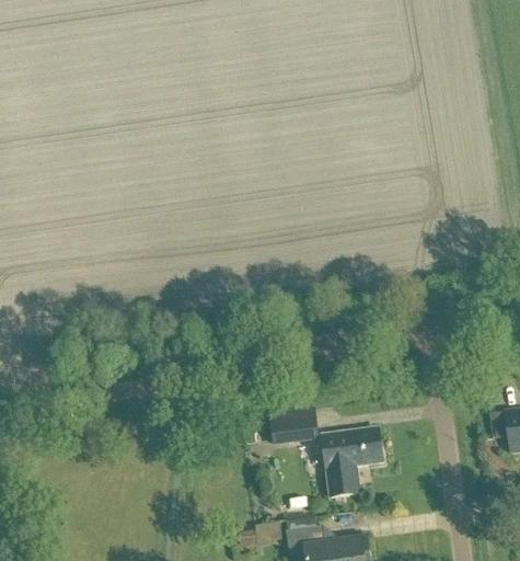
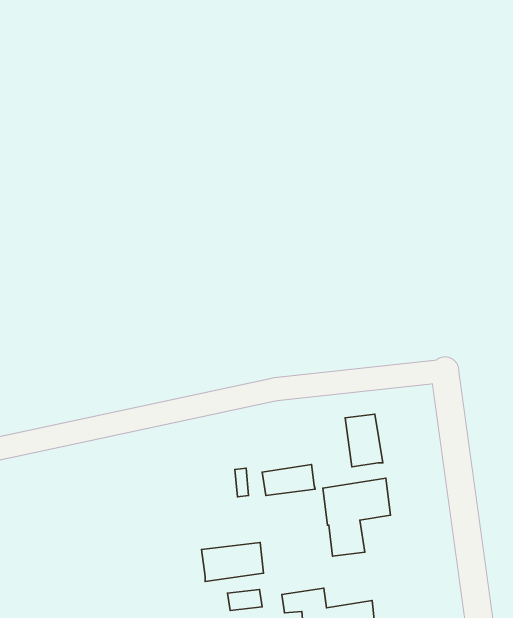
building: none -> [345,414,383,467]
building: none -> [201,543,264,581]

